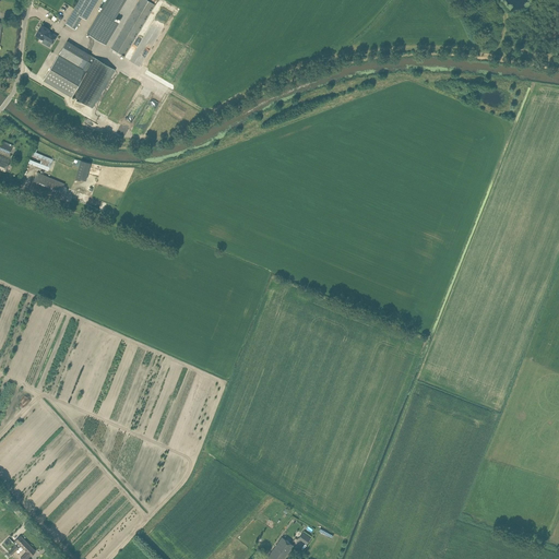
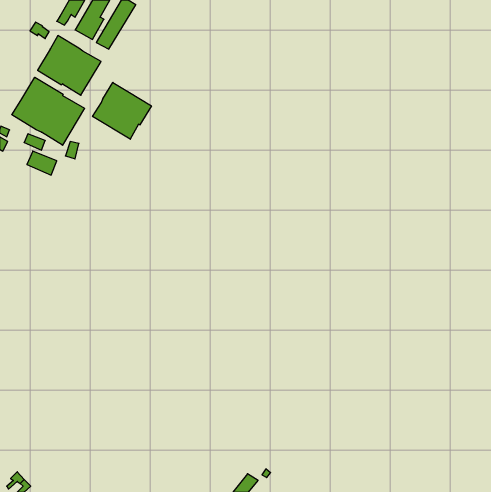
building: none -> [12,77,85,145]
building: none -> [93,82,151,139]

